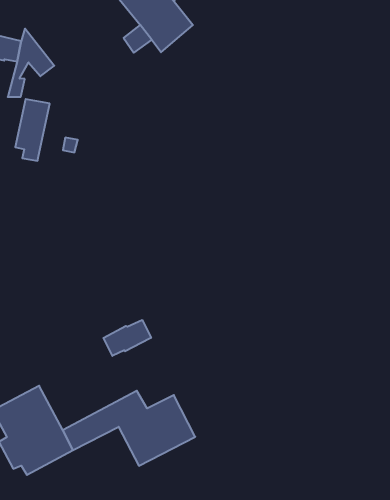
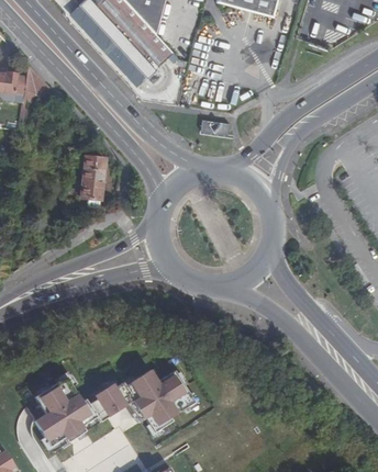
building: [15,99,50,161] -> [79,157,105,209]
building: [103,320,151,356] -> none

